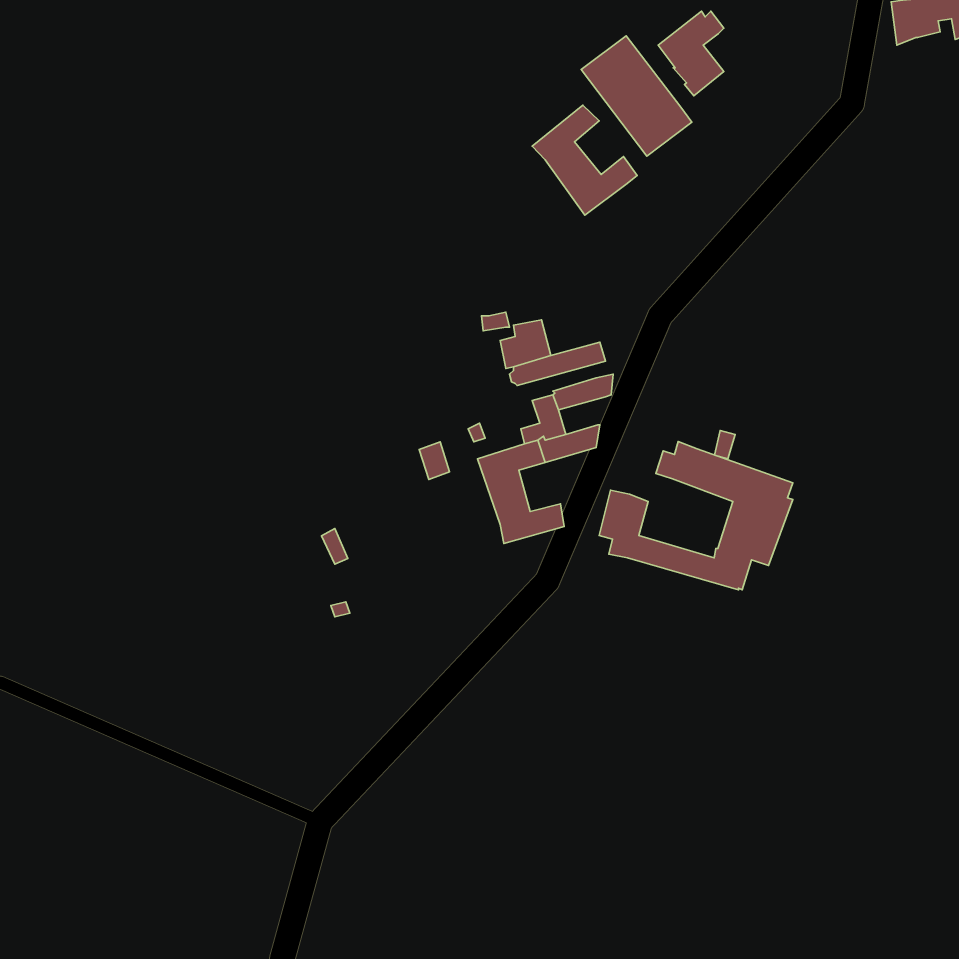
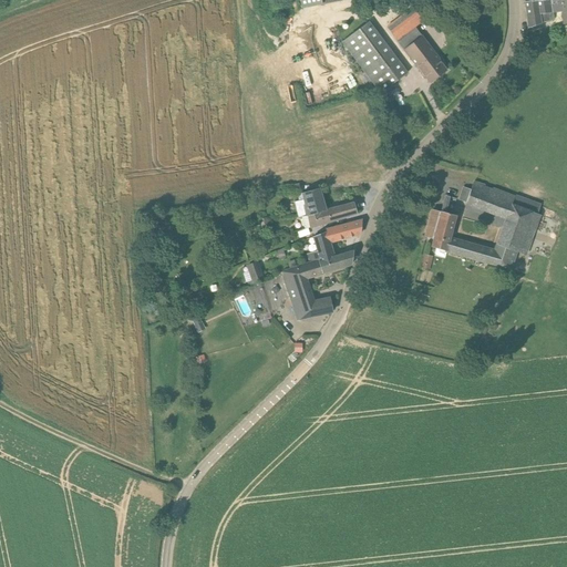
building: none -> [410,42,447,82]
building: [532,105,637,215] -> none
building: [599,441,793,590] -> [427,181,542,268]

